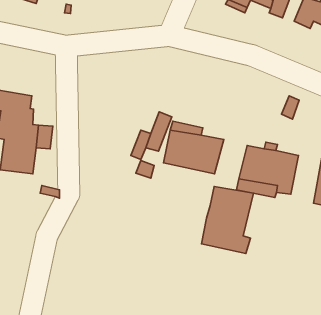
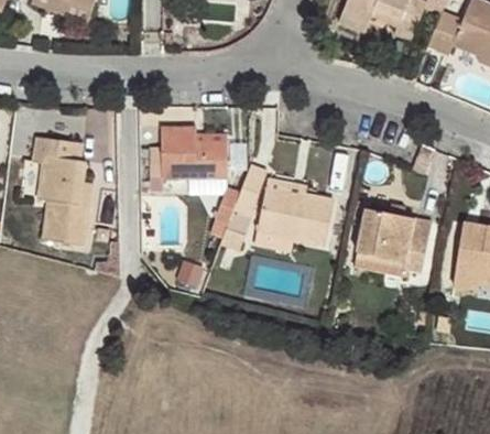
building: none -> [161,127,228,177]
building: [202,187,254,254] -> none

